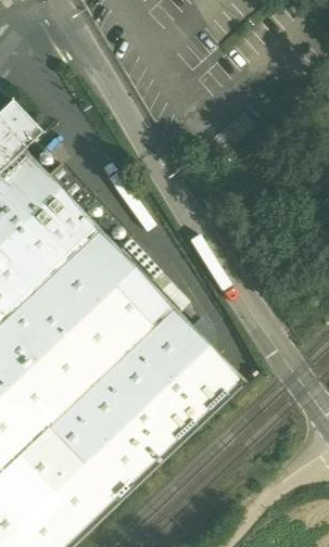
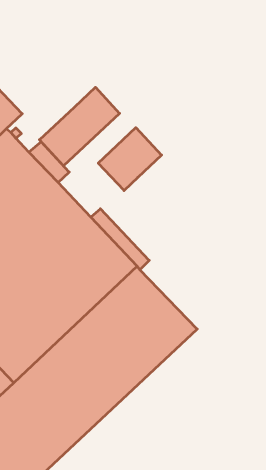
building: none -> [39,87,120,166]
building: none -> [98,128,162,191]

